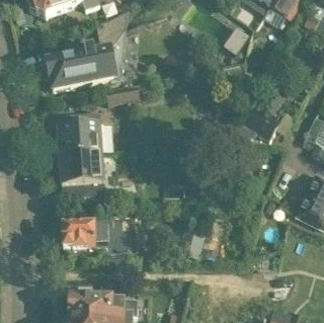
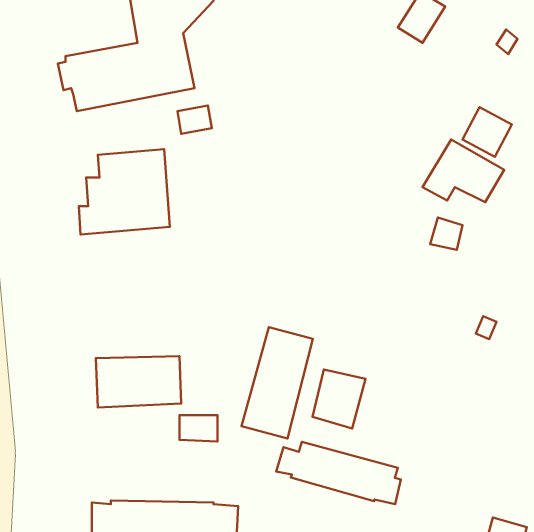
building: [54,151,104,196] -> none
building: none -> [242,327,313,438]
building: none -> [276,442,401,504]

